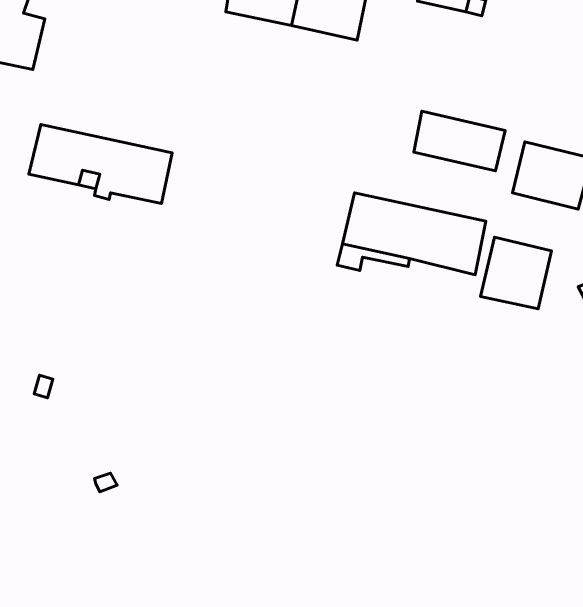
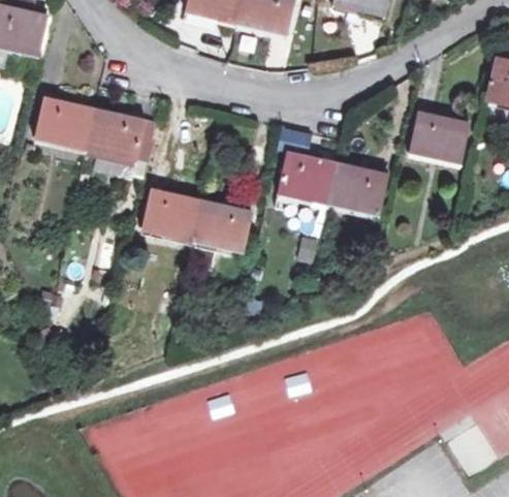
building: [414,111,505,171] -> none
building: [481,237,551,309] -> none
building: none -> [141,189,251,270]

